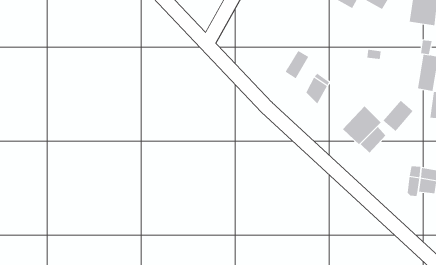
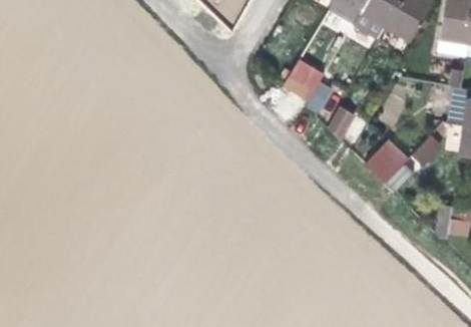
building: none -> [283,58,324,99]

